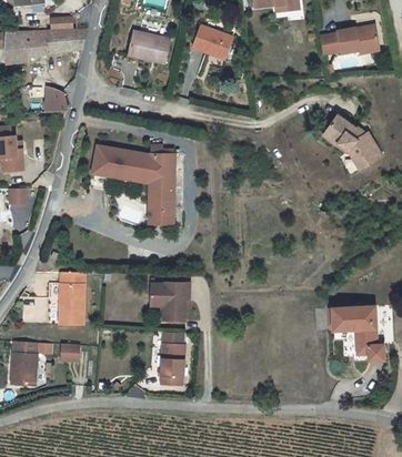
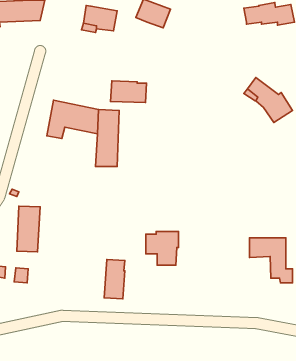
building: [46,84,68,110] -> none
building: none -> [111,81,146,103]
building: [149,281,188,321] -> [146,231,179,265]

